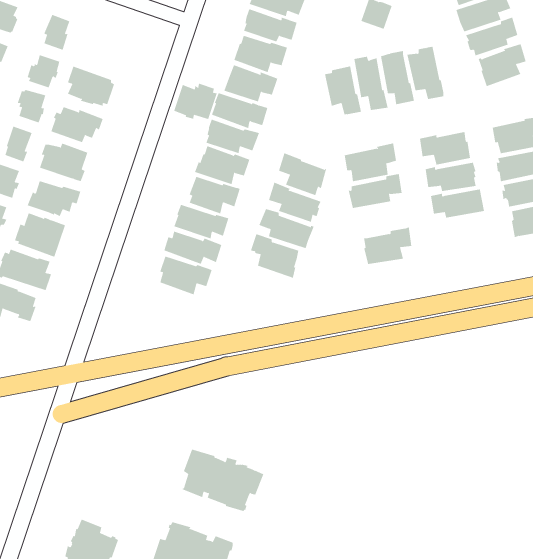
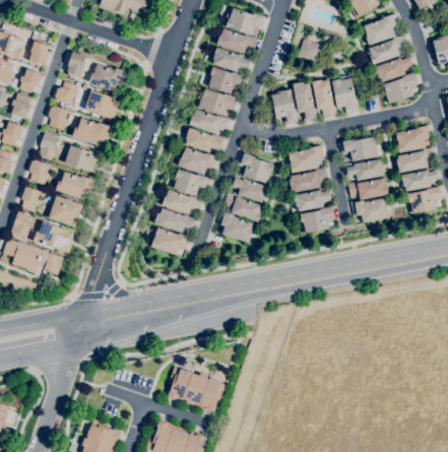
building: none -> [88,64,126,90]
building: [174,83,217,120] -> none
building: none -> [294,186,331,211]
building: none -> [351,197,390,222]

